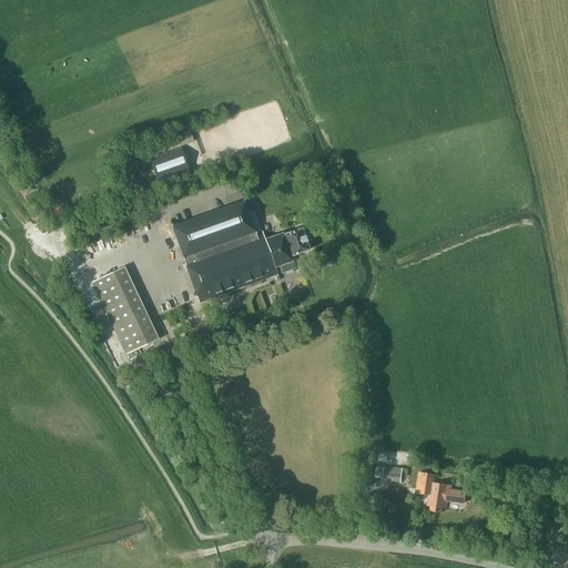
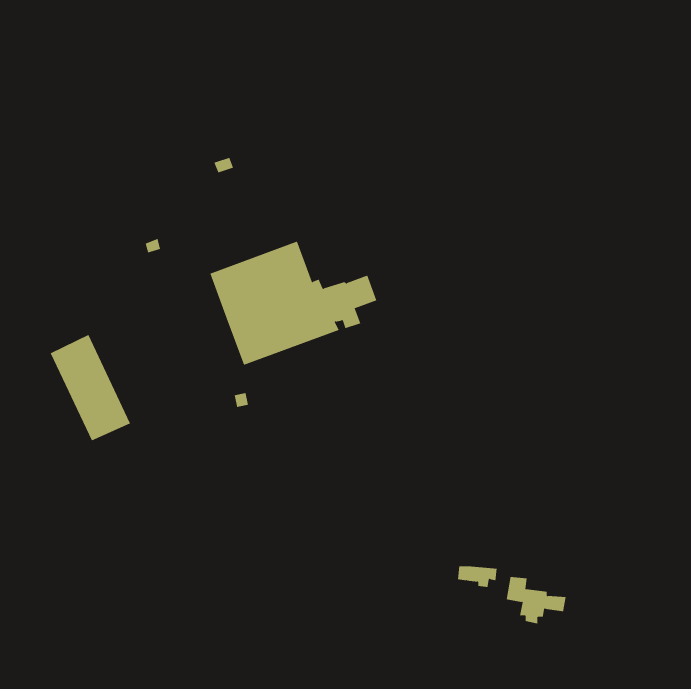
building: [150,145,190,181] -> none
building: [91,265,158,353] -> [50,334,131,441]

